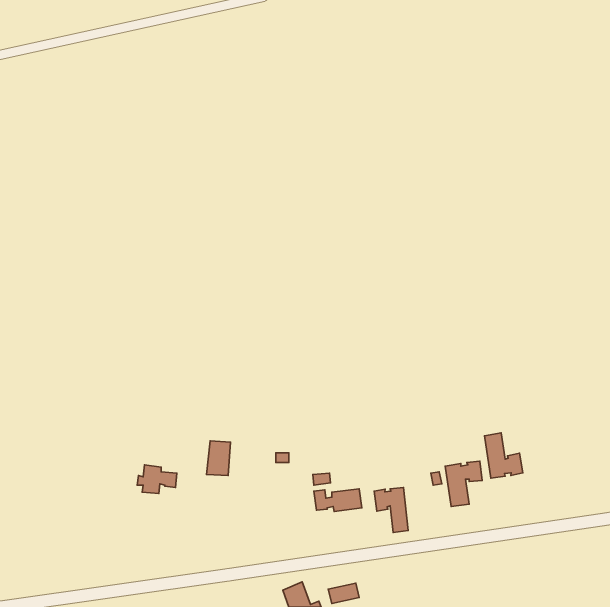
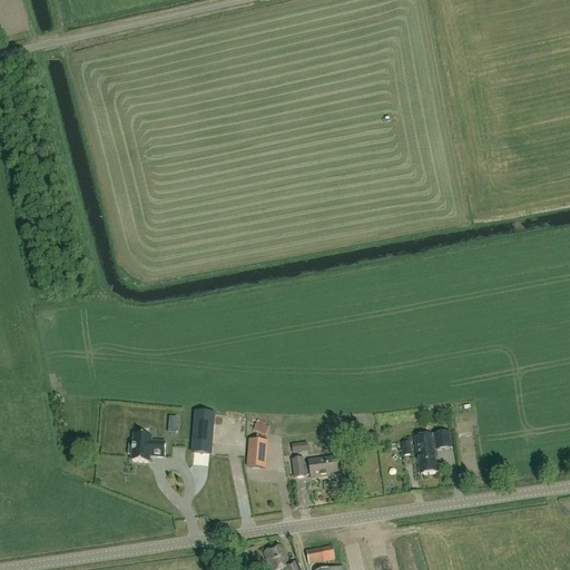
building: [484,433,523,478] -> none
building: none -> [247,438,267,466]
building: [374,487,408,532] -> none

